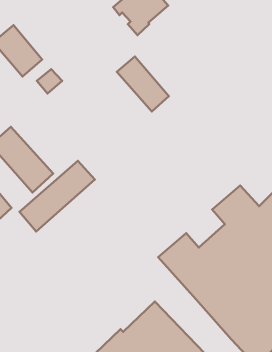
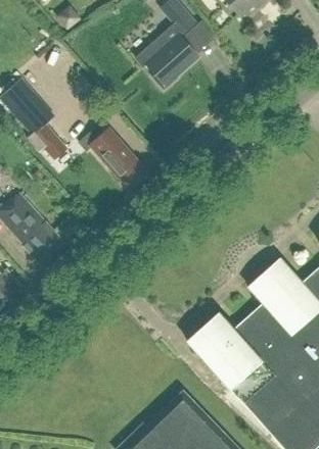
building: [117,57,169,111] -> [90,126,149,188]
building: [20,161,95,232] -> none

